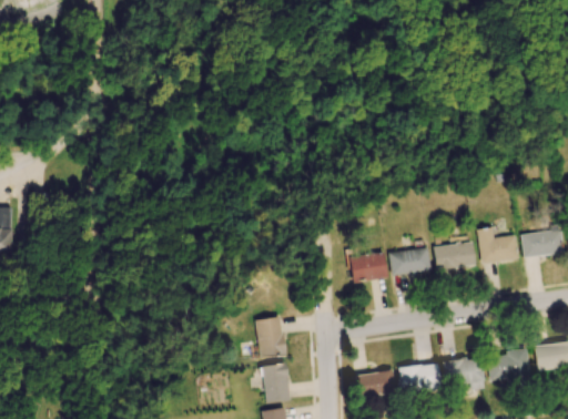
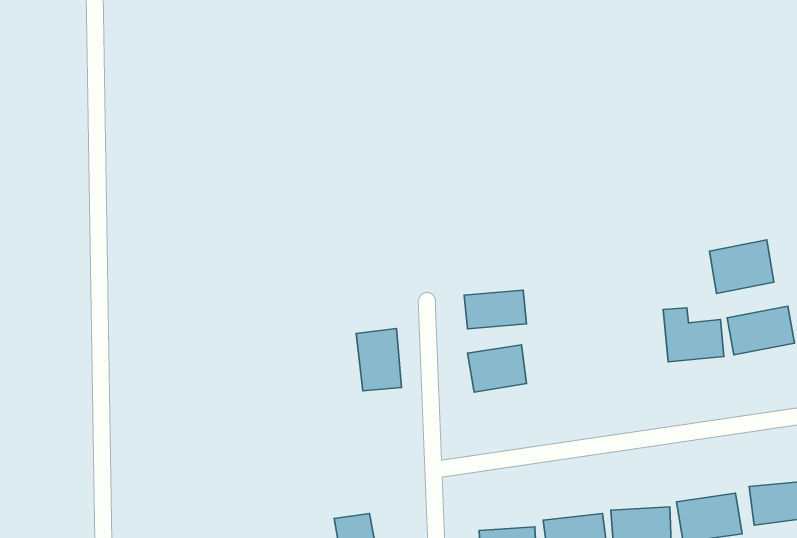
building: none -> [709,240,774,293]
building: [434,242,476,269] -> none
building: [390,248,432,274] -> [464,290,526,329]
building: [256,316,286,357] -> [356,329,402,391]

